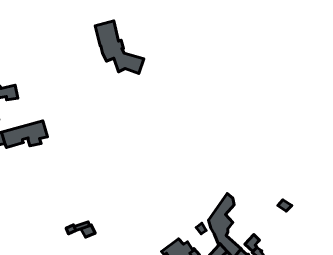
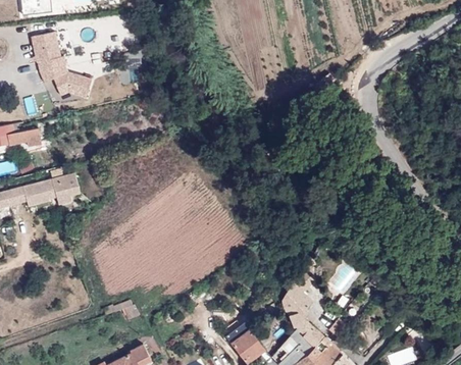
building: [95,21,144,73] -> [30,32,91,98]

